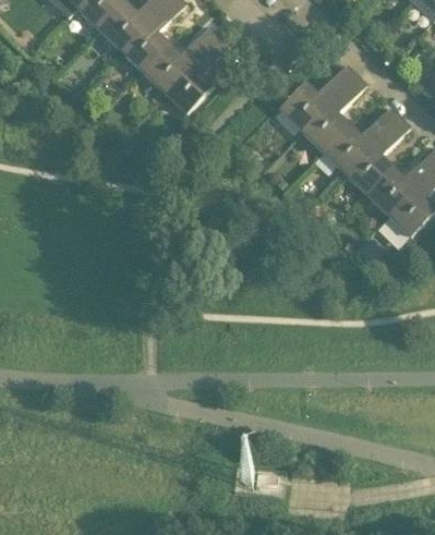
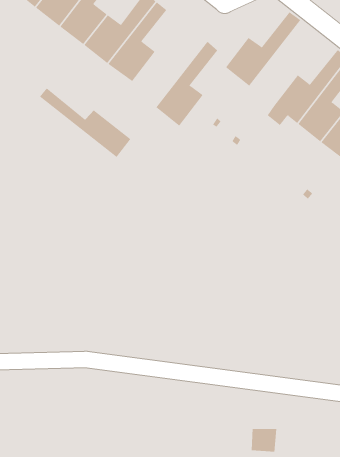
building: [301,71,370,153] -> [156,41,218,126]
building: none -> [39,87,131,158]

